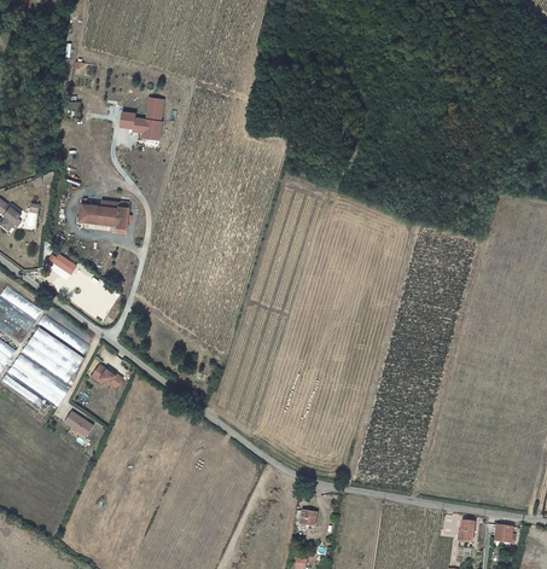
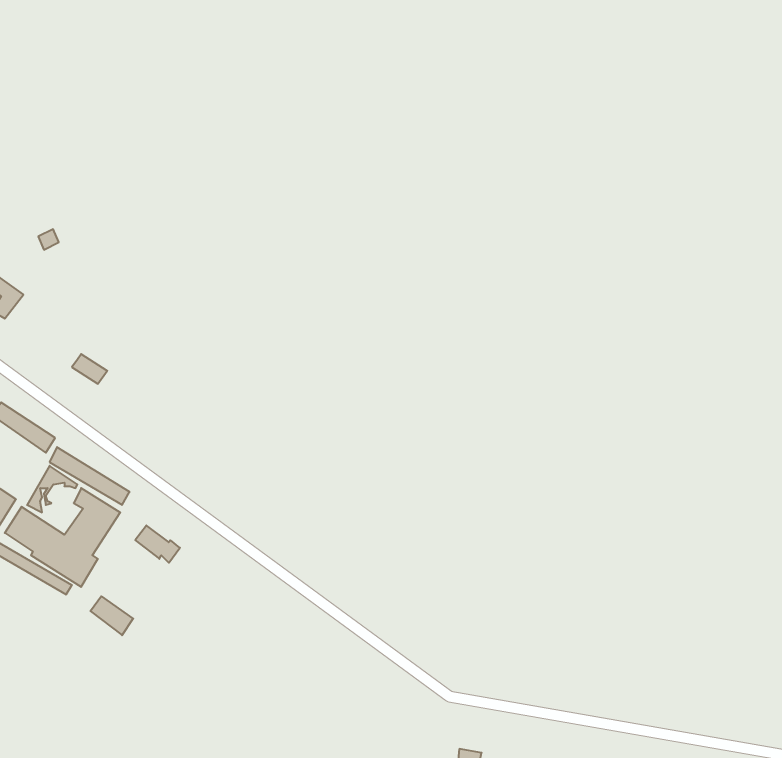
building: [118,98,163,140] -> none
building: [77,202,127,228] -> none

